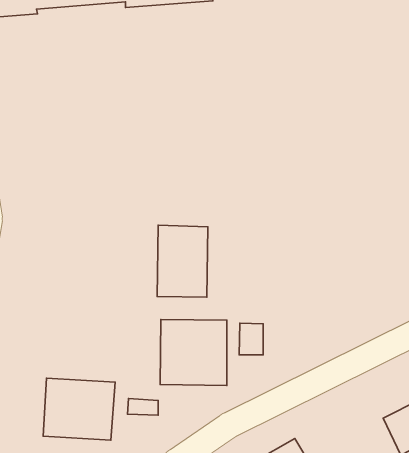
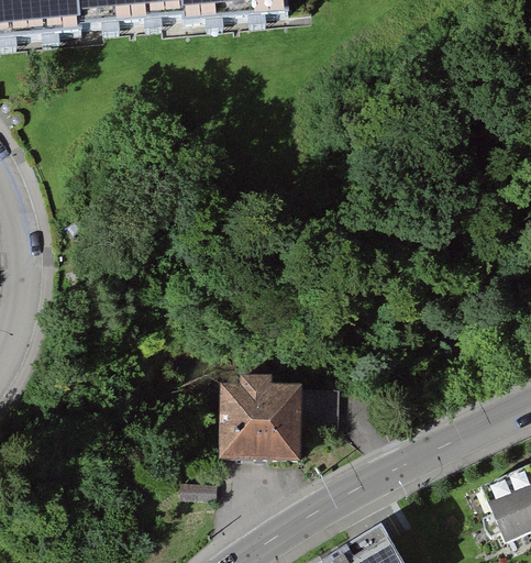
building: [157,225,208,297] -> none
building: [43,378,115,440] -> none

